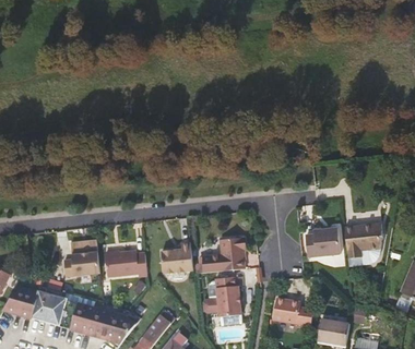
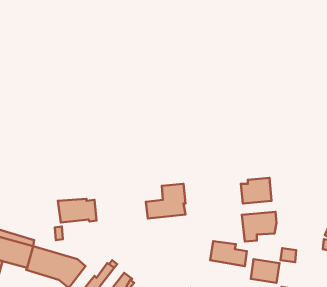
building: [344,224,382,256] -> [242,212,277,242]
building: [161,242,192,273] -> none
building: [63,252,99,276] -> none
building: [204,276,241,316] -> none

